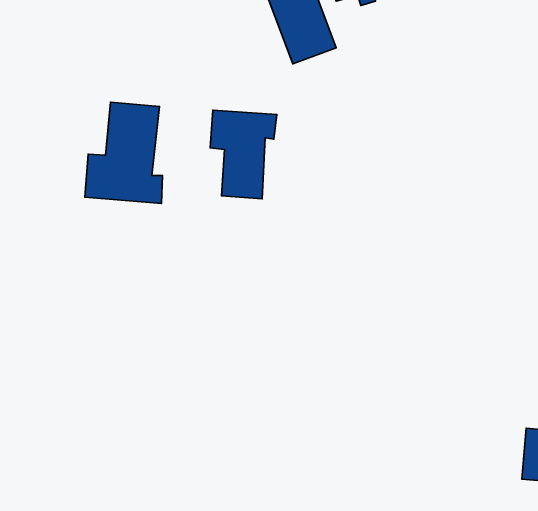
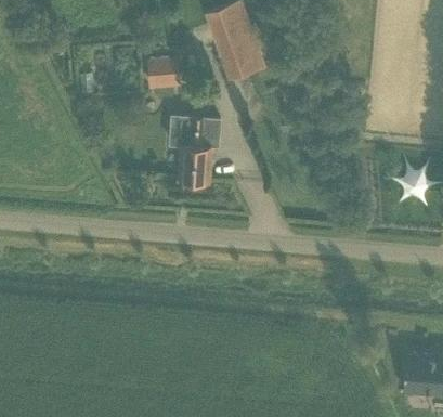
building: none -> [147,60,180,89]
building: [85,102,163,204] -> none

